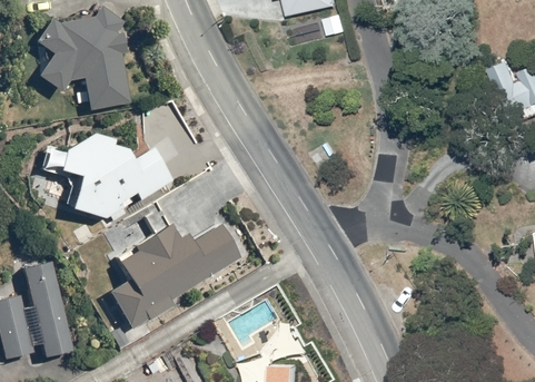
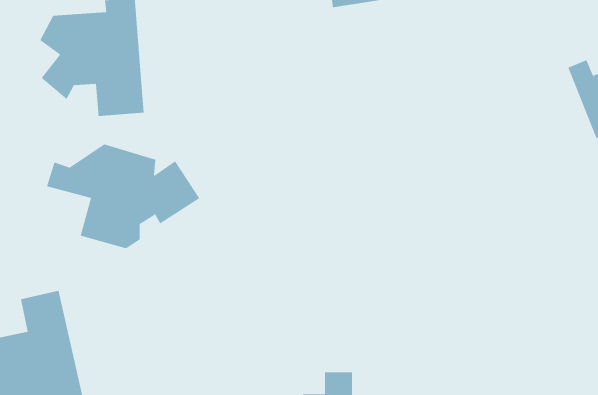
building: [106,223,242,330] -> none

